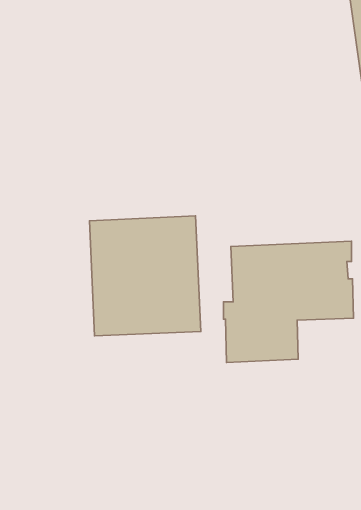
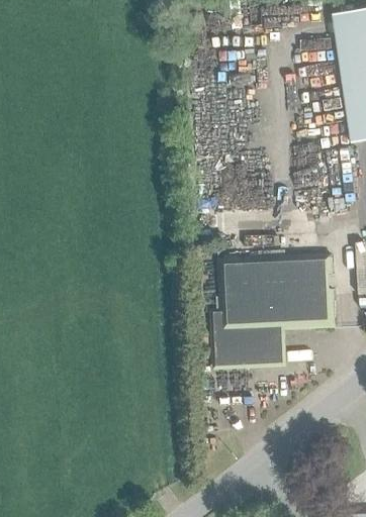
building: [89,216,201,336] -> none

